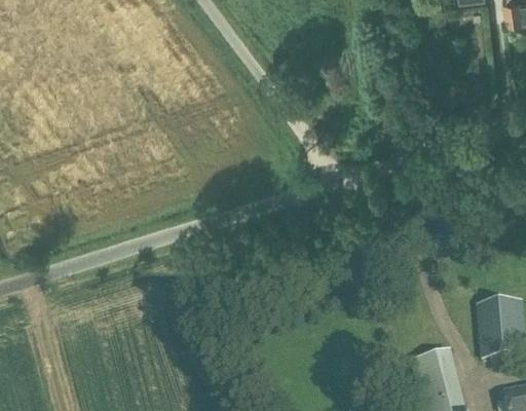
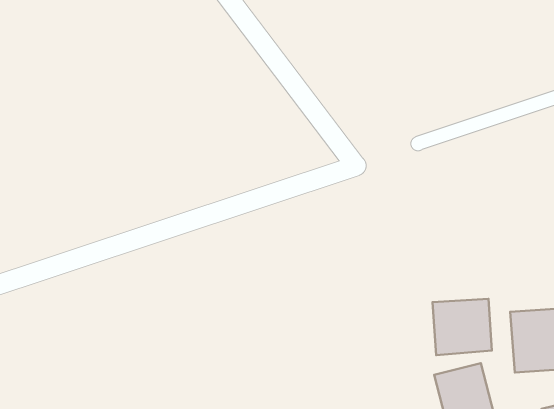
building: none -> [433,299,492,355]

